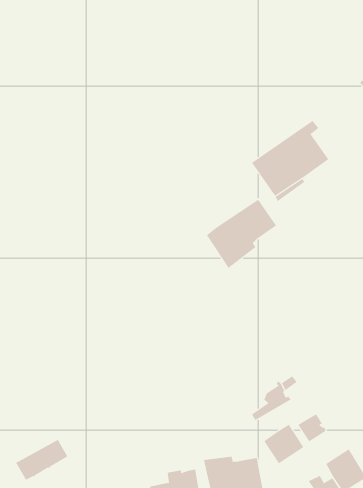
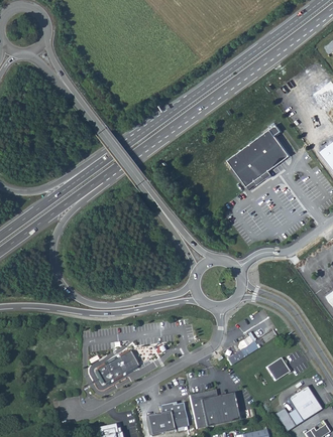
building: [206,199,277,269] -> none
building: [264,424,304,464] -> none
building: [15,439,68,481] -> [91,352,133,386]

